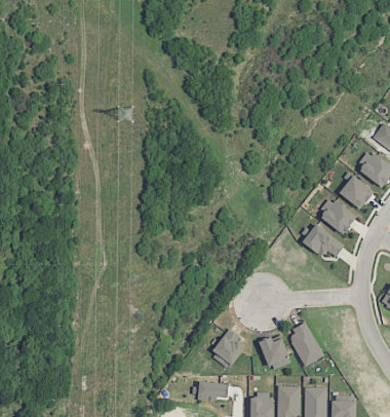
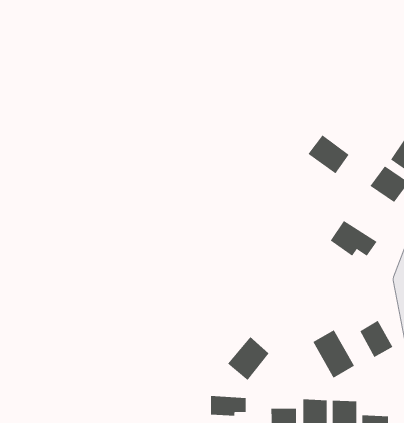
building: [318,197,356,233] -> [307,134,350,174]
building: none -> [360,320,393,358]
building: [259,336,291,369] -> none

